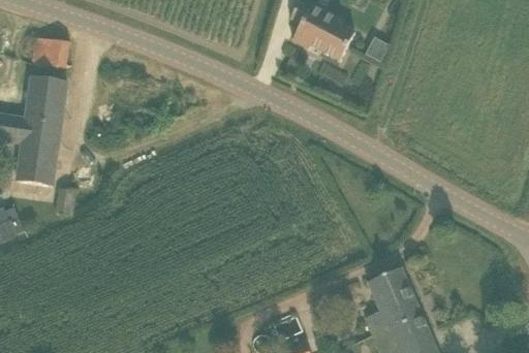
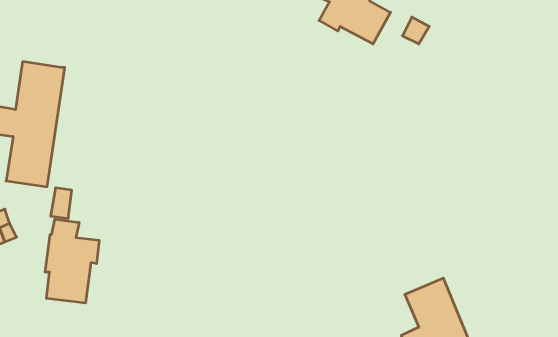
building: [31,36,71,66] -> none
building: none -> [45,219,99,303]

